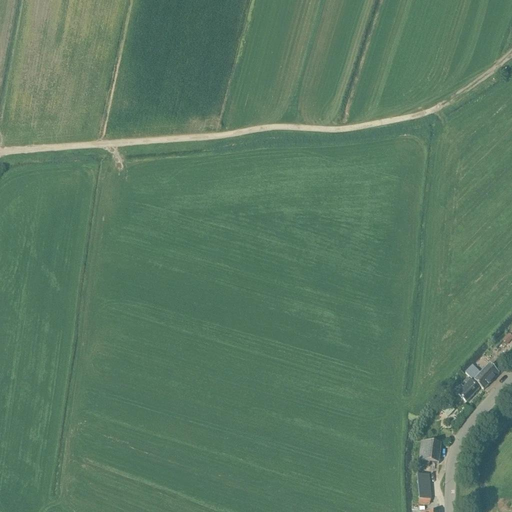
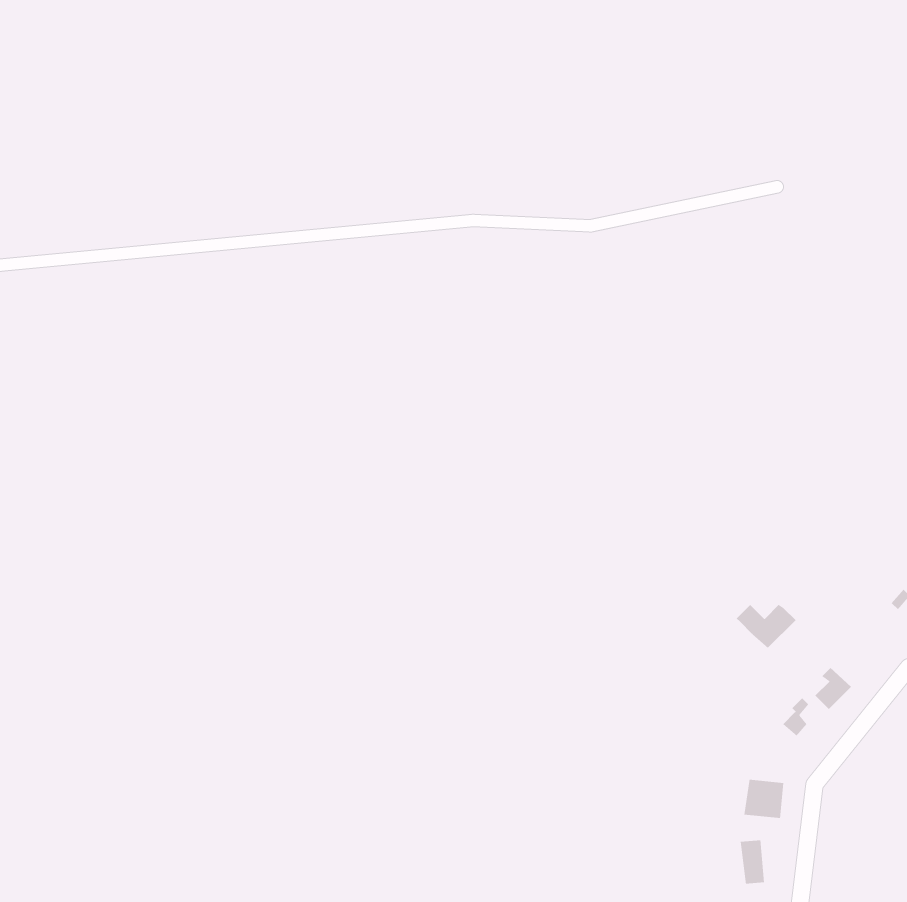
building: [466,362,500,387] -> [736,604,796,649]

